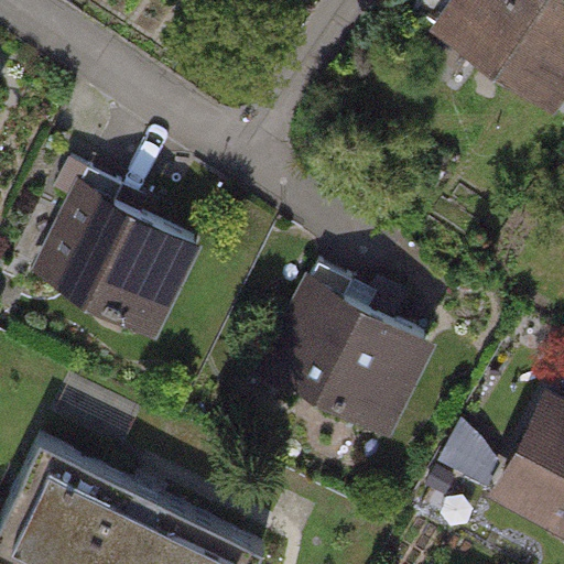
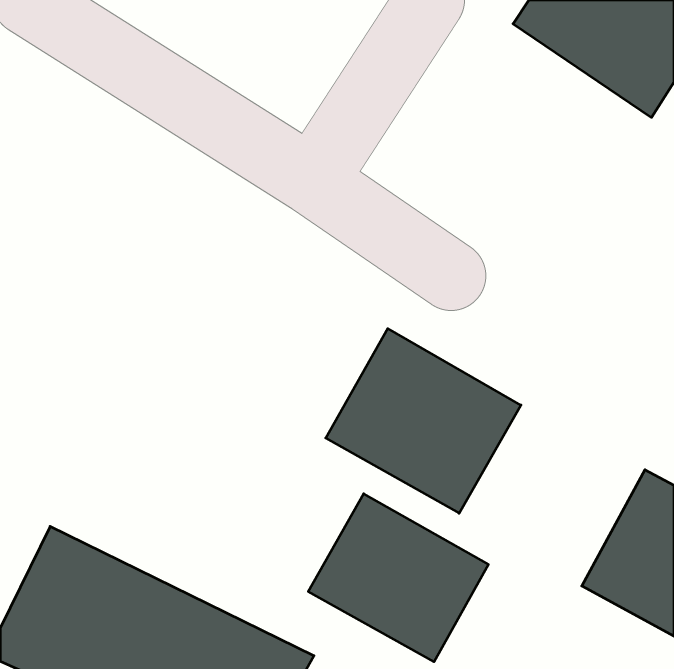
building: [43,192,198,338] -> none
building: none -> [308,494,488,662]

